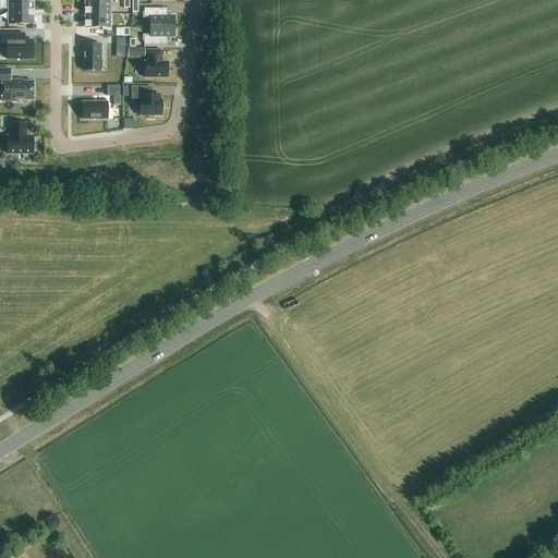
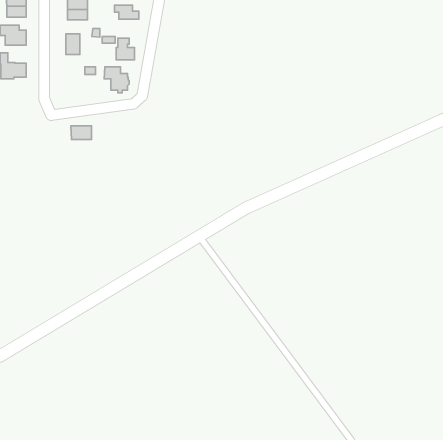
building: [144,24,174,43] -> none
building: [82,99,108,117] -> [71,126,92,140]
building: [7,121,33,151] -> none

